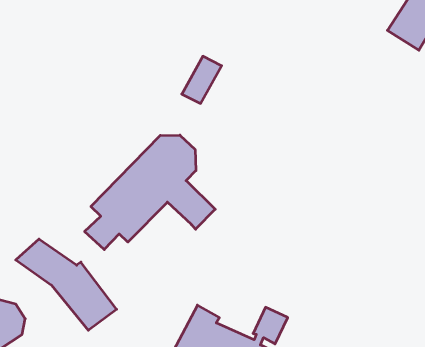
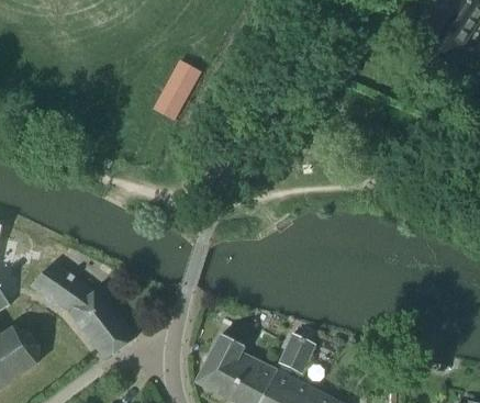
building: [182,56,222,103] -> [153,69,194,119]
building: [85,135,215,250] -> none

